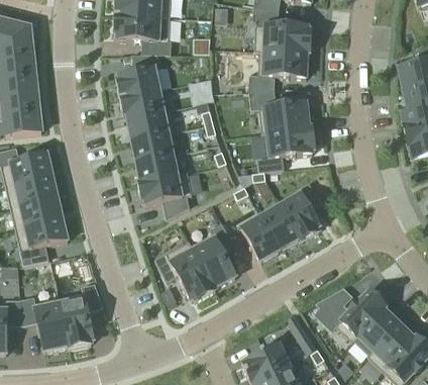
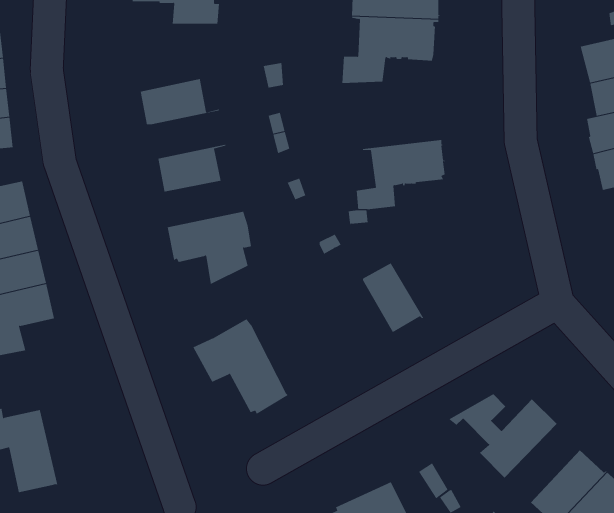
building: [117,54,161,96] -> none
building: [248,90,312,132] -> none
building: [128,108,176,138] -> none
building: [136,153,187,182] -> none
building: [280,182,322,239] -> none
building: [241,215,281,260] -> none
building: [192,221,235,287] -> none
building: [59,283,103,347] -> none
building: [351,306,399,356] -> none

